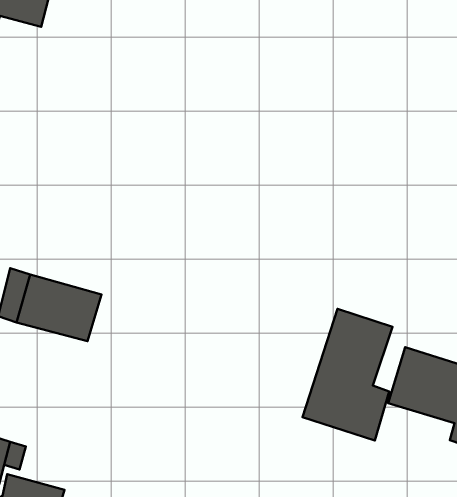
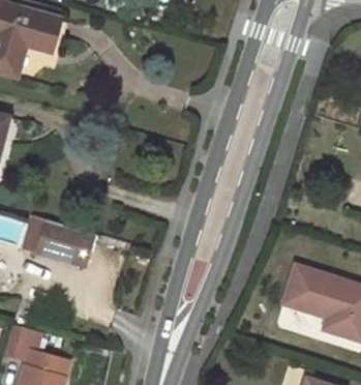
building: [302,309,393,440] -> none

